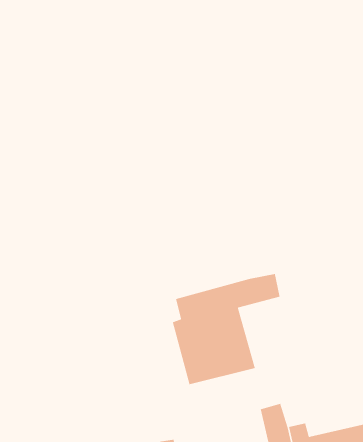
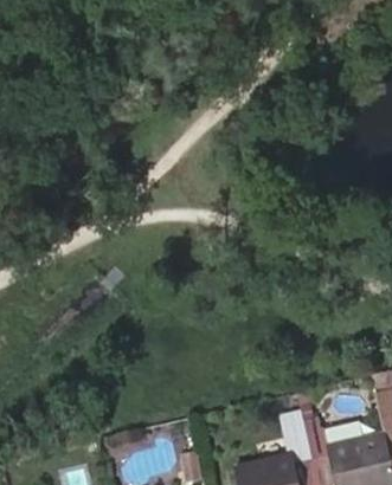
building: [172,273,280,385] -> none

